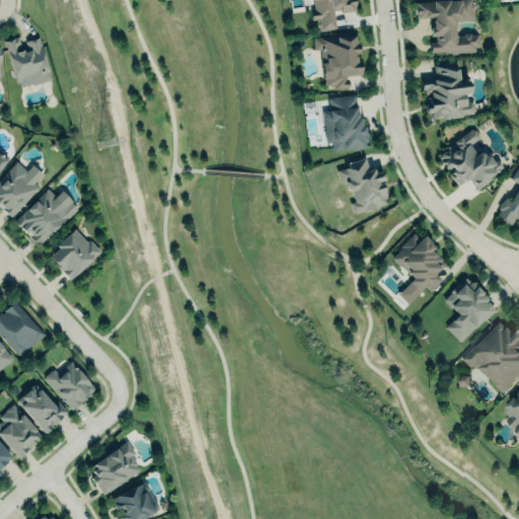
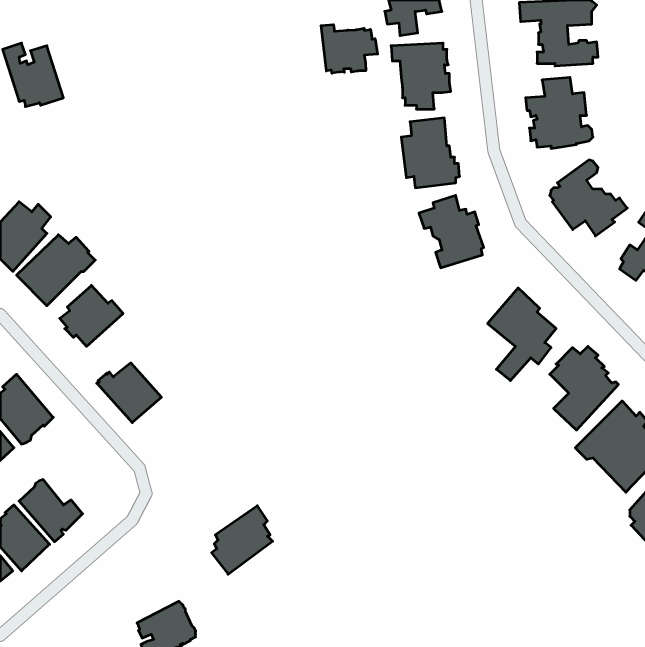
building: none -> [321,25,378,73]
building: [46,362,97,410] -> [97,363,161,423]
building: [92,441,141,496] -> [212,506,273,574]

